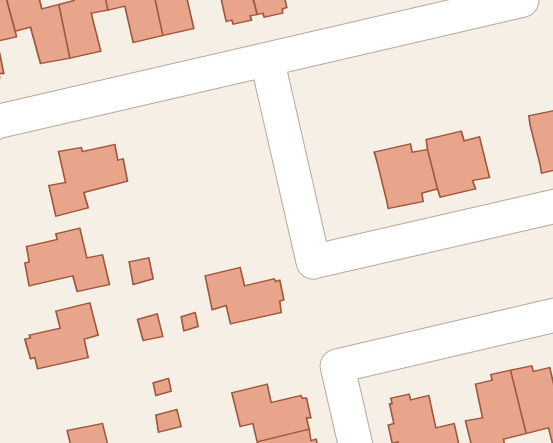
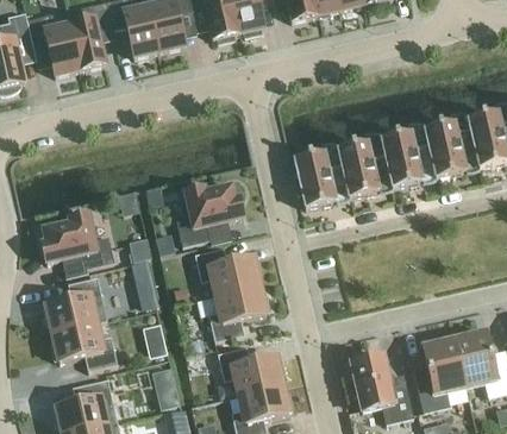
building: none -> [424,121,477,176]
building: [49,145,128,216] -> [176,184,243,245]
building: none -> [293,151,348,207]
building: none -> [207,284,269,340]
building: none -> [50,322,117,370]

